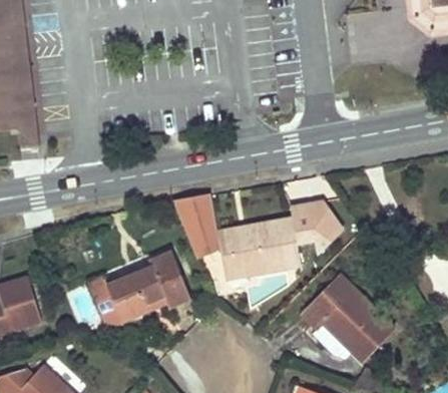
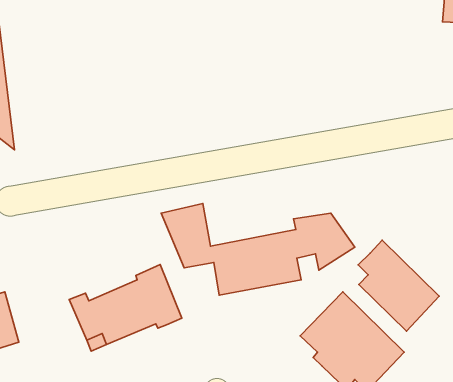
building: none -> [358,240,439,331]

